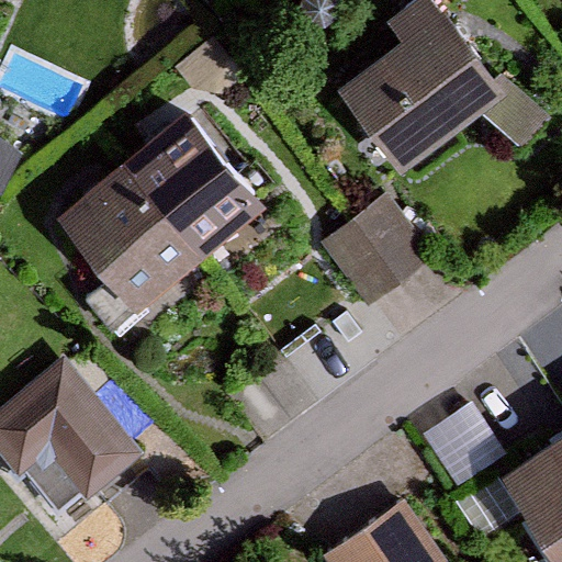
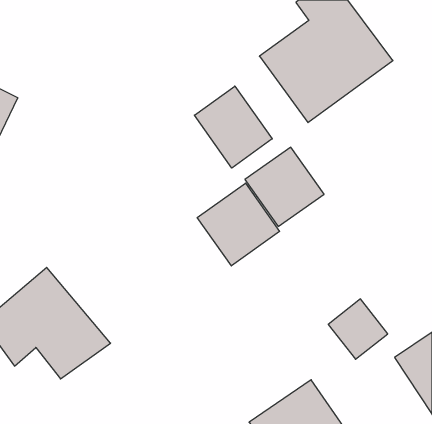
building: [67,112,267,307] -> none
building: none -> [194,86,272,168]
building: none -> [197,183,280,266]

